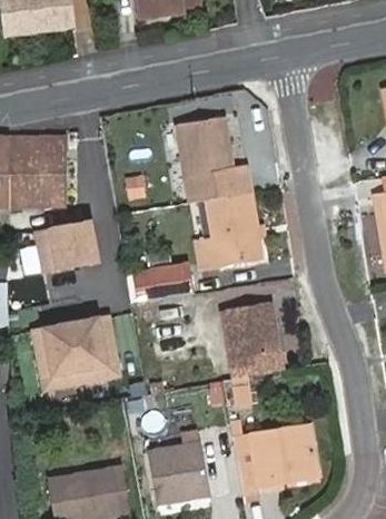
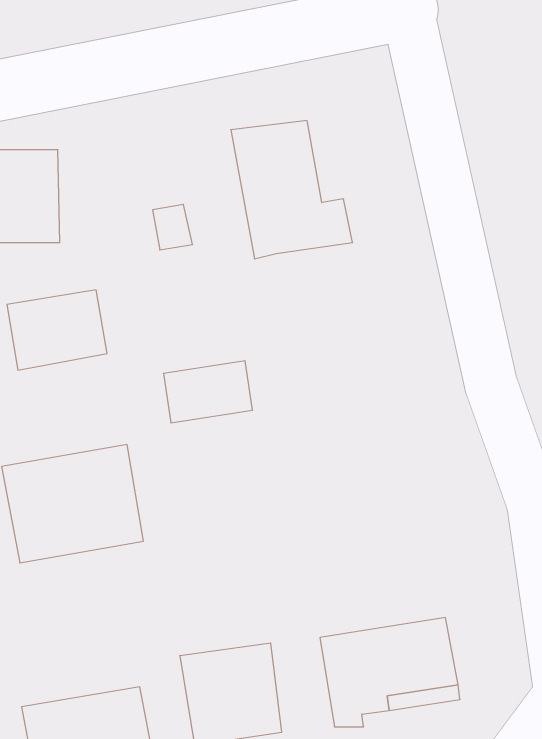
building: [195,194,258,268] -> none
building: [218,306,278,381] -> none

